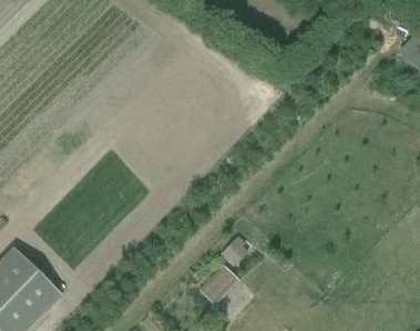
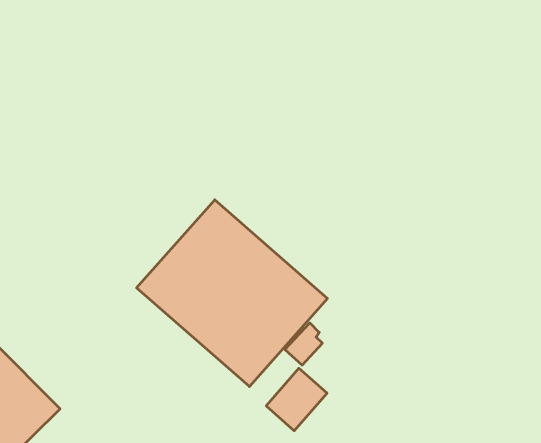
building: none -> [137,200,327,387]

